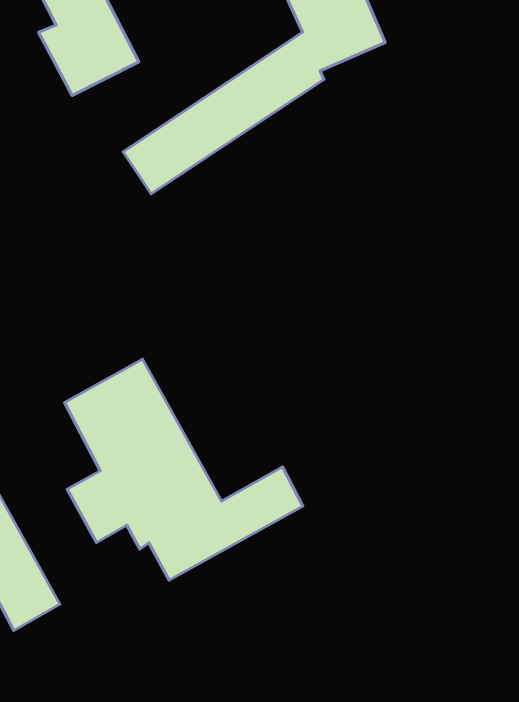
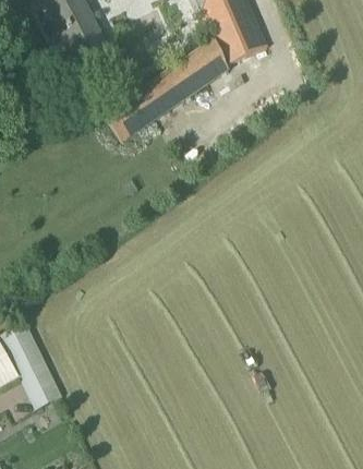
building: [65,359,303,580] -> none

